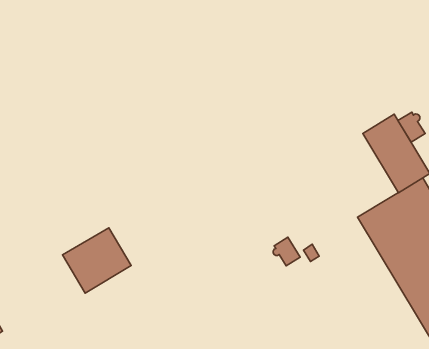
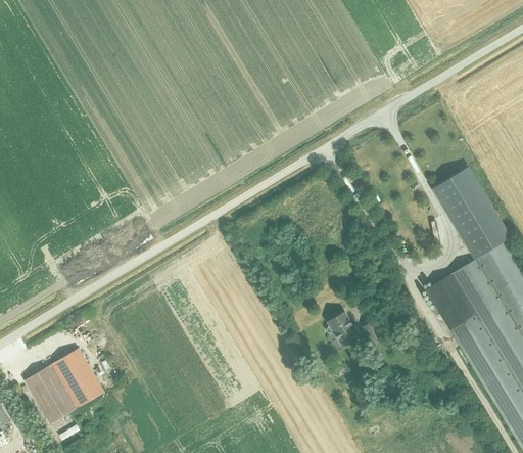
building: [398,112,425,142] -> none
building: [63,228,131,293] -> [25,348,105,424]

